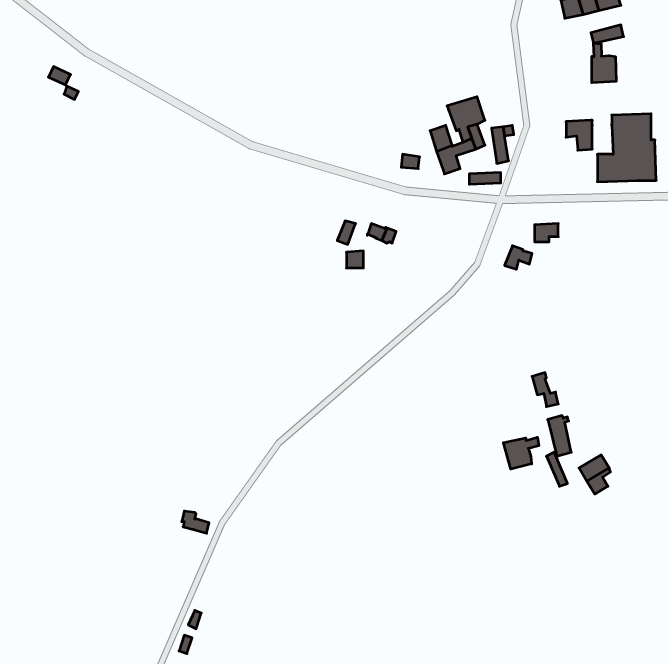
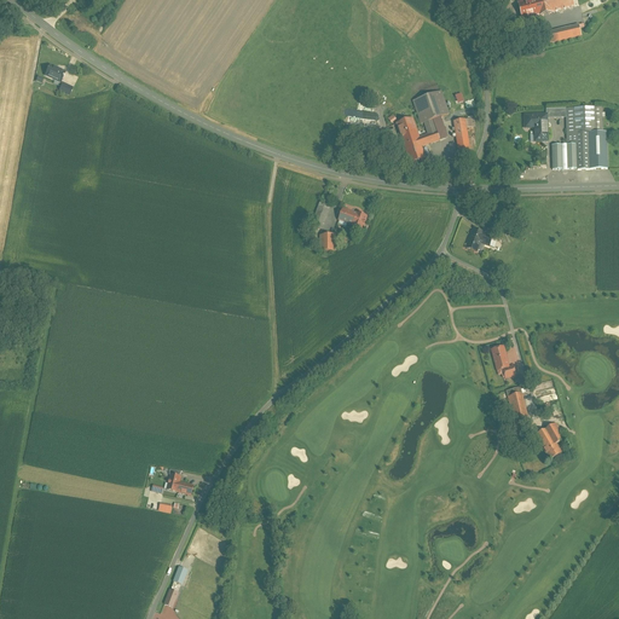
building: [592,43,616,83] -> none
building: [503,437,539,469] -> none

